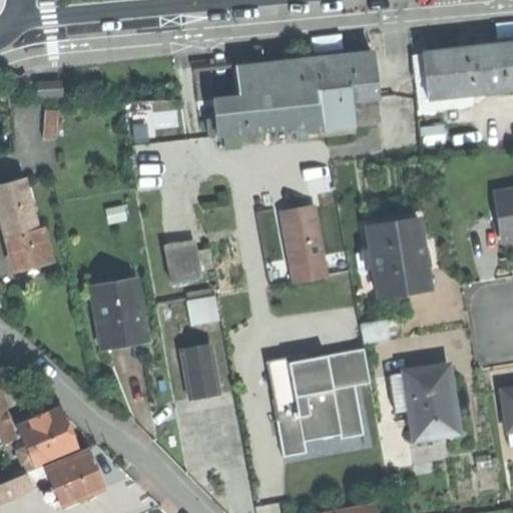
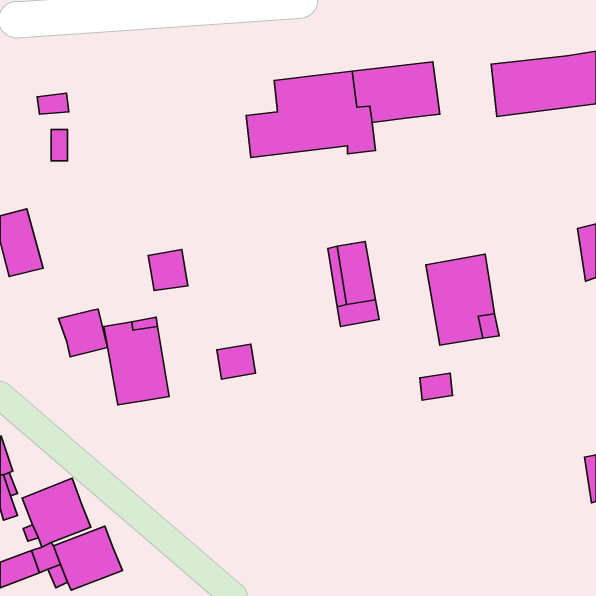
building: [320,101,354,129] -> none
building: [8,229,50,271] -> [59,309,108,357]
building: [165,246,199,282] -> [148,250,188,290]
building: [179,345,217,399] -> none
building: [267,349,370,457] -> none
building: [390,367,458,440] -> none

